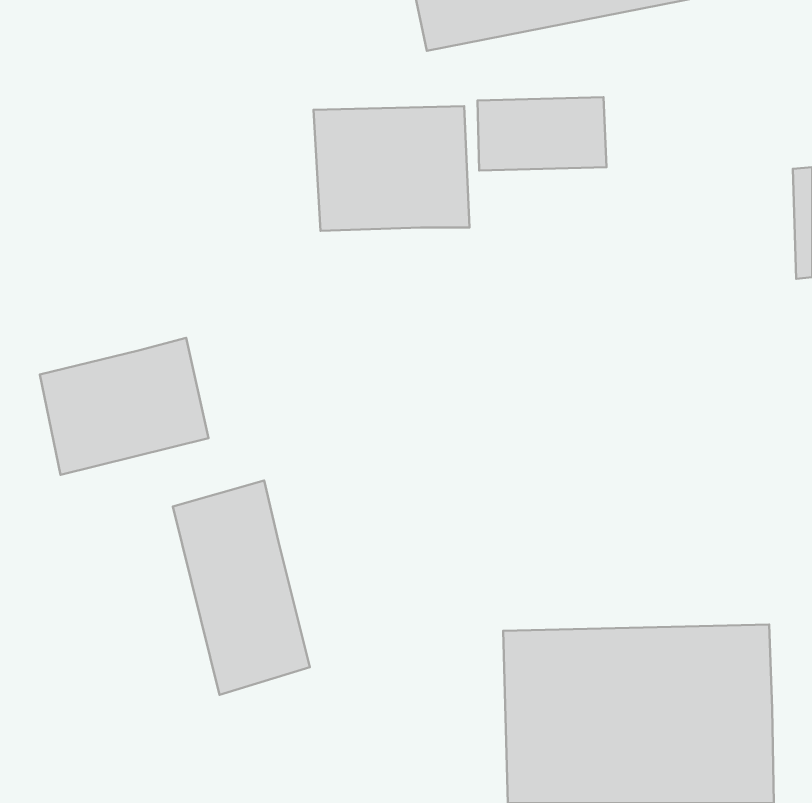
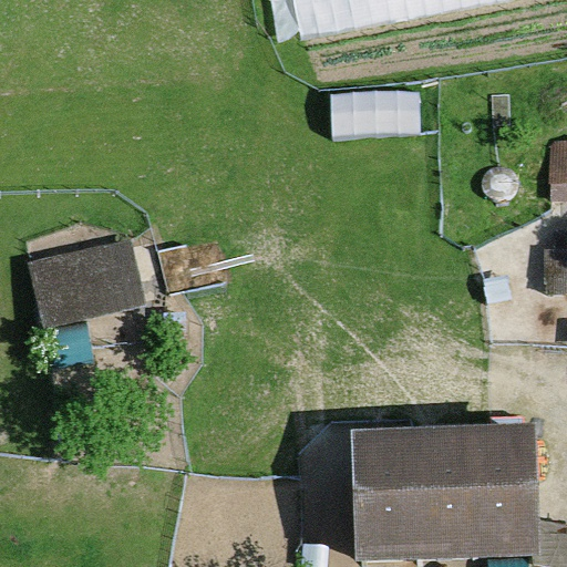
building: [314,106,470,231] -> none
building: [173,481,310,695] -> none

